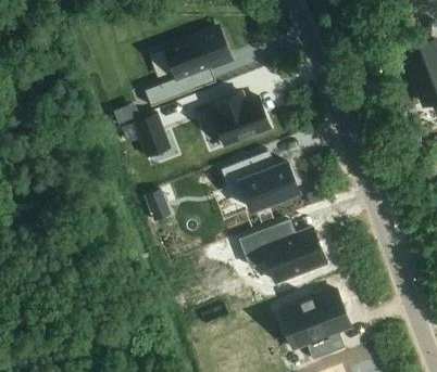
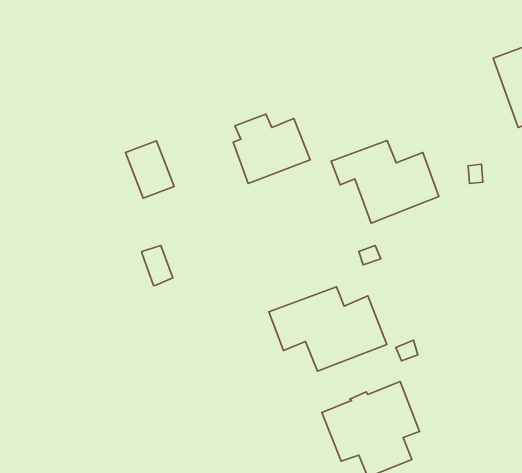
building: [145,26,229,105] -> none
building: [220,153,299,214] -> [331,141,439,223]

